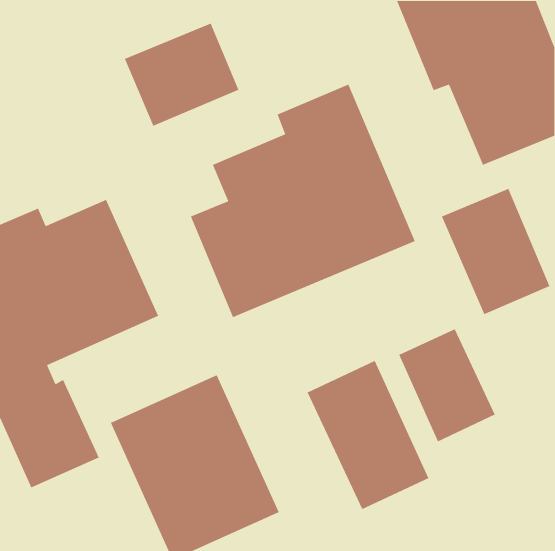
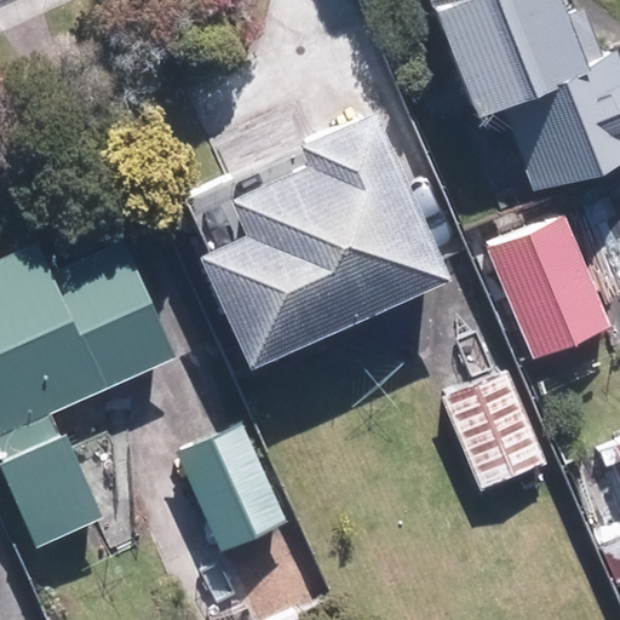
building: [124,23,240,127] -> none
building: [307,360,430,510] -> none

